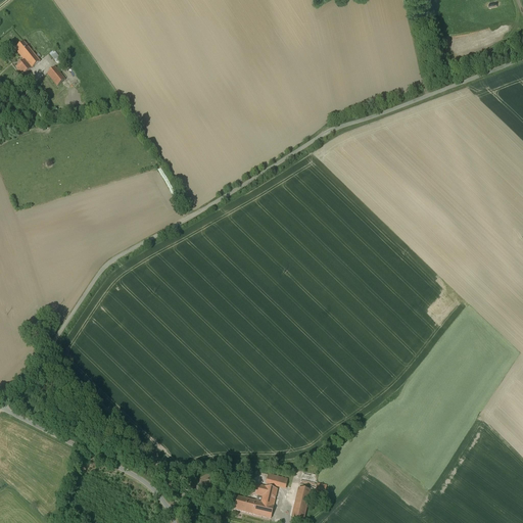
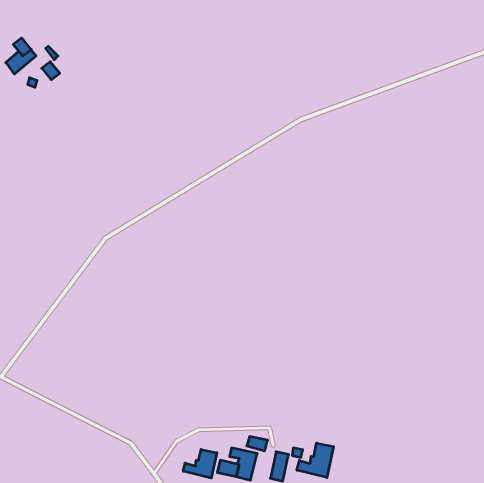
building: none -> [297,443,334,478]
building: none -> [183,449,217,478]

